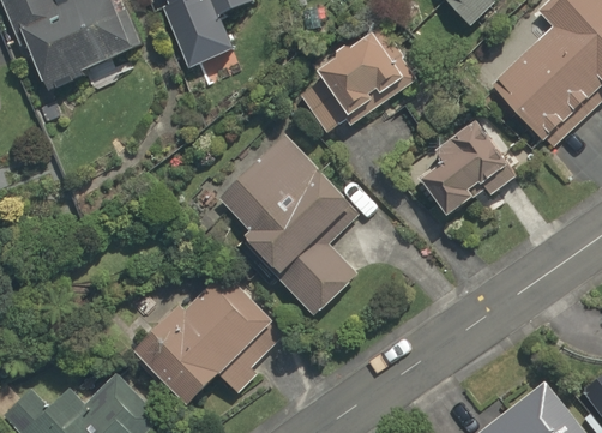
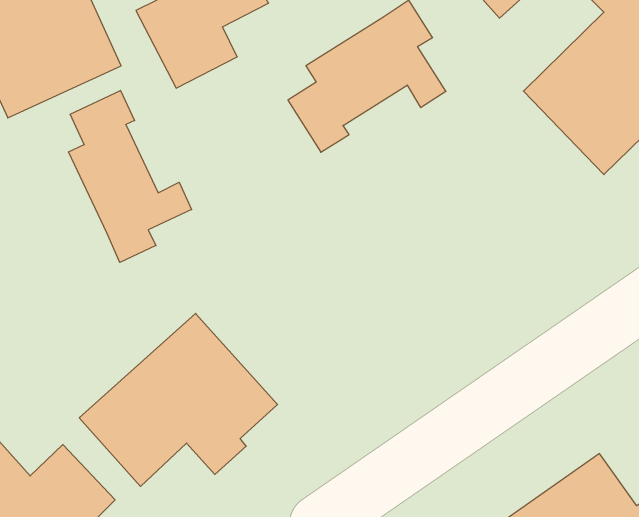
building: none -> [68,90,192,262]
building: [414,115,519,212] -> none
building: [213,132,359,317] -> none

